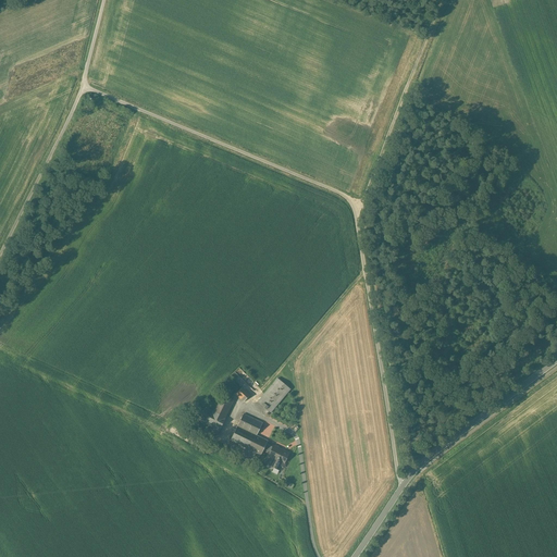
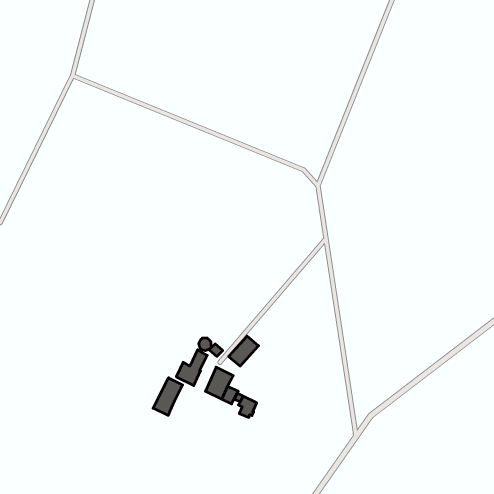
building: none -> [153,378,183,415]

